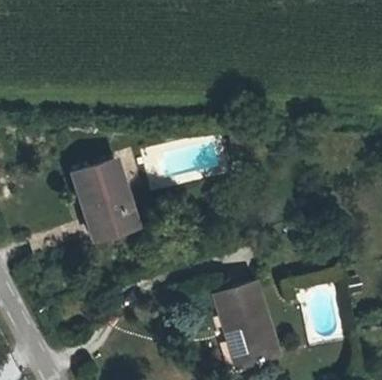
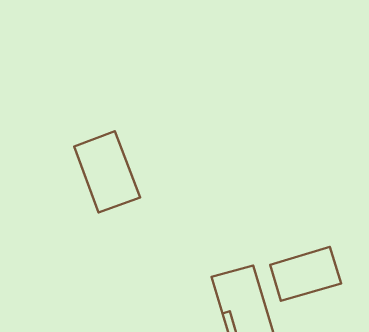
building: none -> [270,247,341,301]

